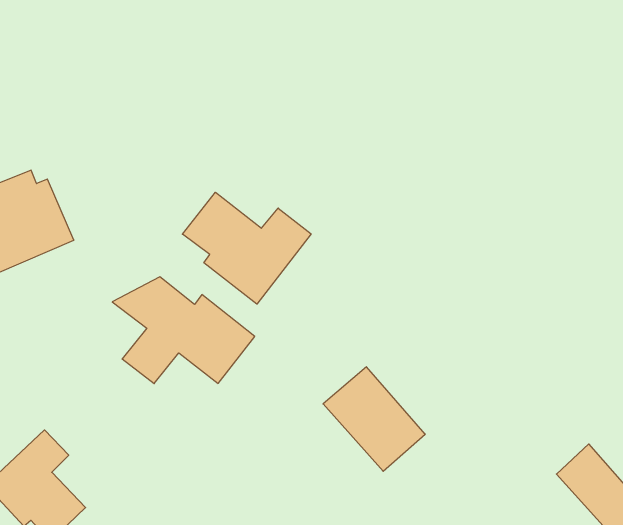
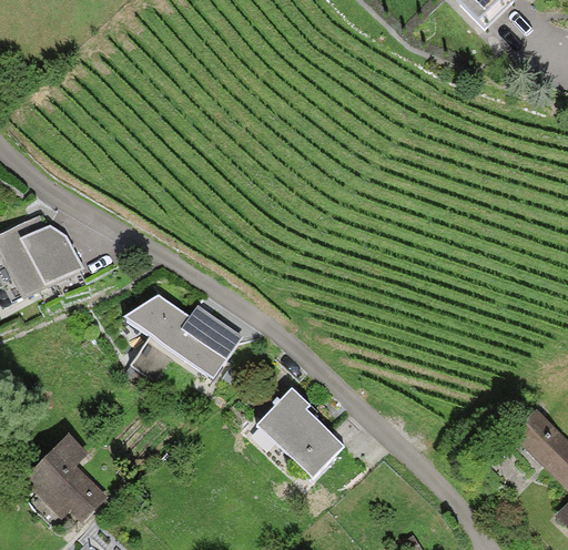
building: [182,192,311,304] -> none
building: [323,367,425,471] -> [256,391,345,479]

